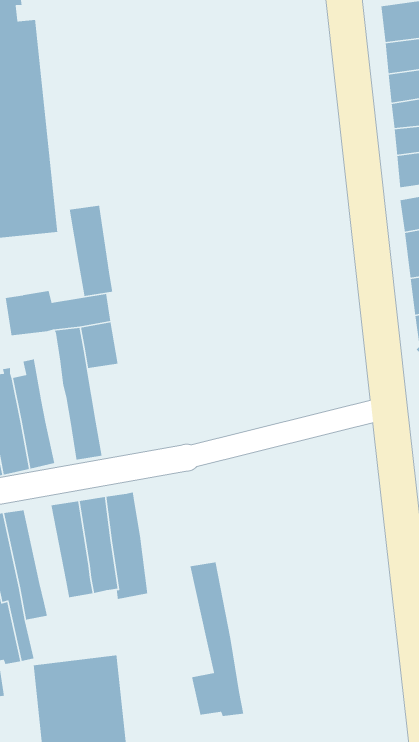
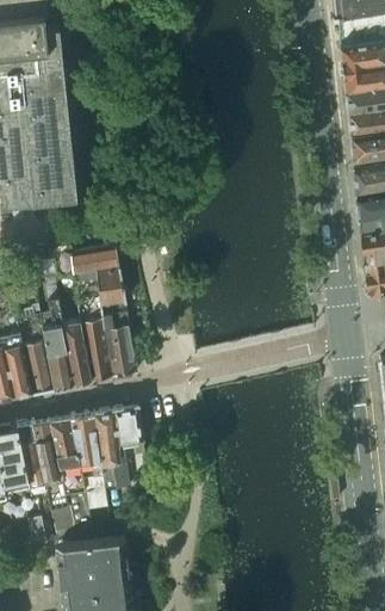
building: [69,205,113,297] -> [101,304,137,378]
building: none -> [64,321,92,384]
building: [190,561,244,717] -> [50,418,94,543]

